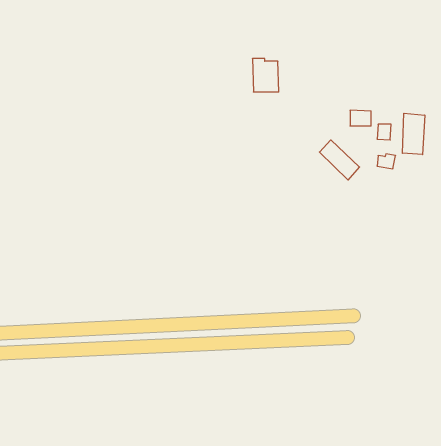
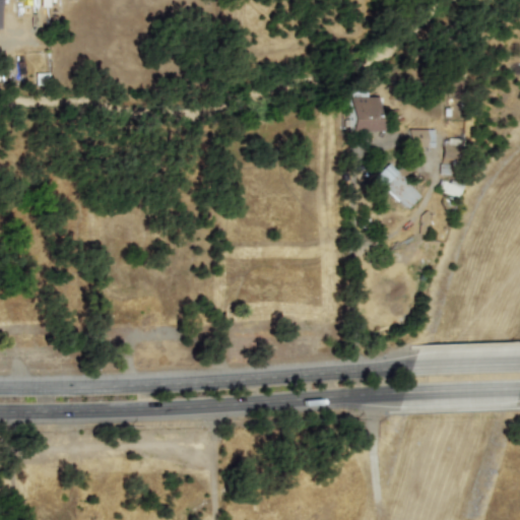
building: [252,59,279,92] -> [350,93,381,132]
building: [402,113,425,155] -> none

